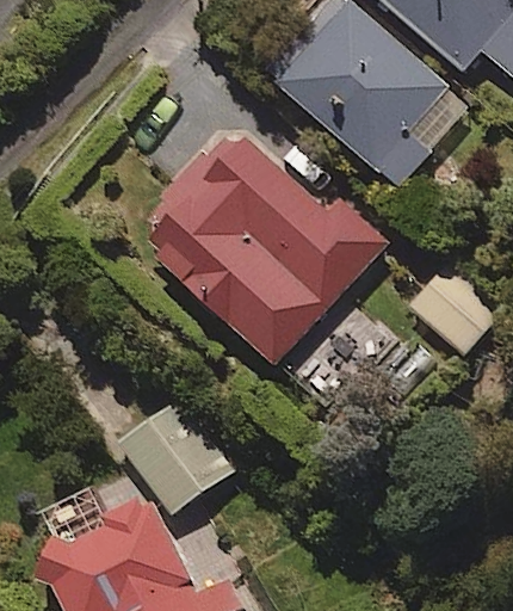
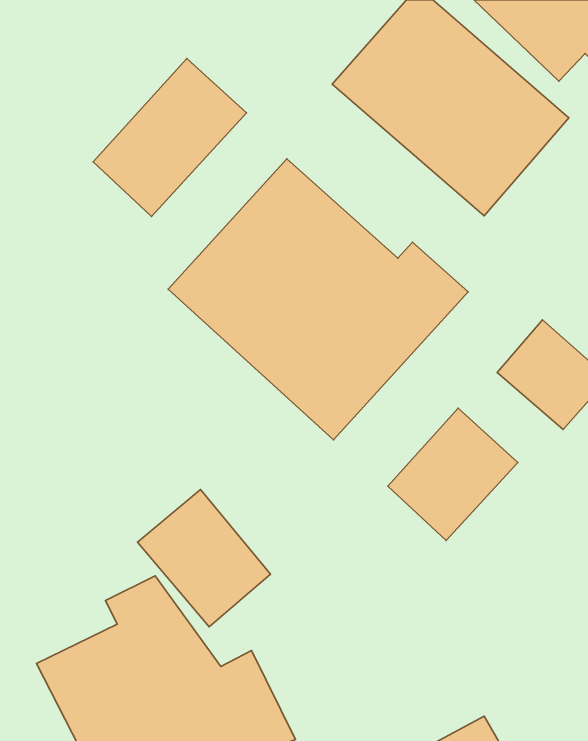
building: none -> [93,58,246,216]
building: none -> [388,408,518,540]

